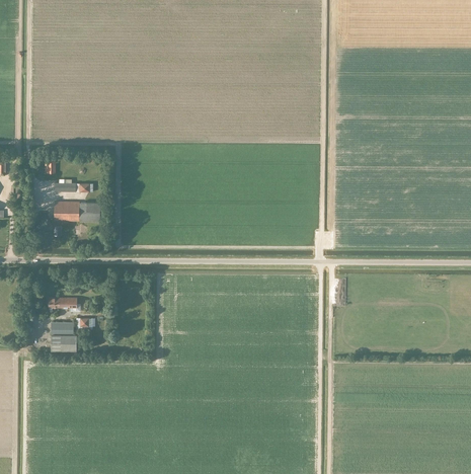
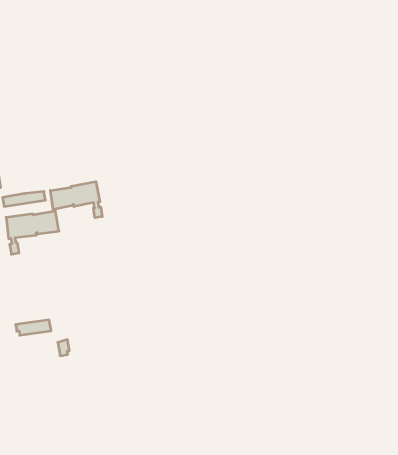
building: none -> [50,182,102,218]
building: [51,322,76,350] -> none

